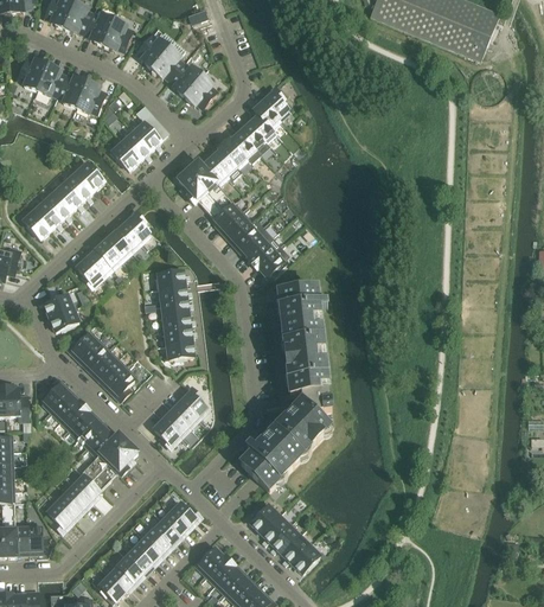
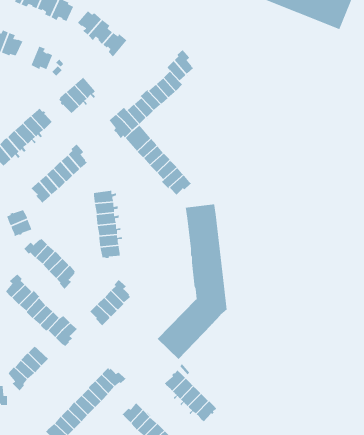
building: [184,74,217,107] -> none
building: [57,75,87,107] -> none
building: [81,453,117,490] -> none

